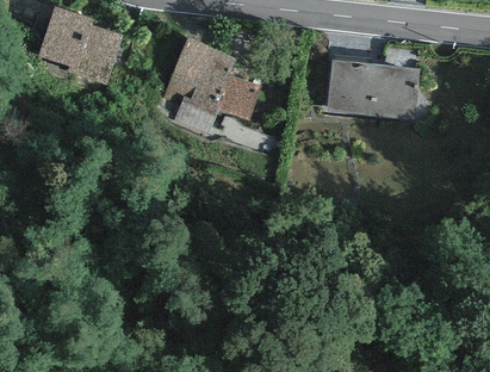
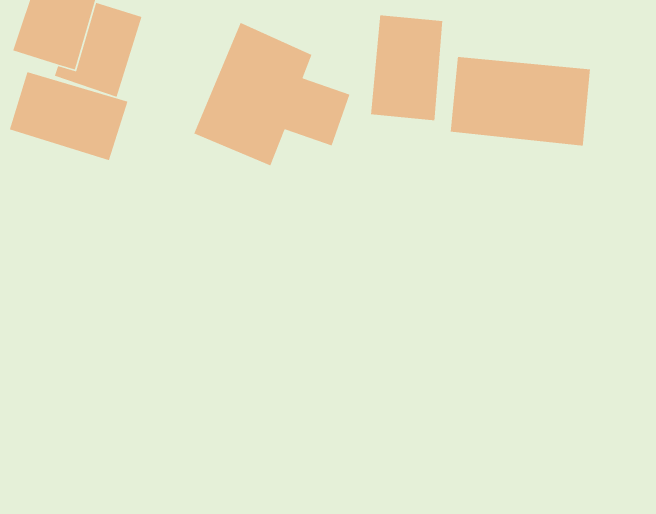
building: none -> [370,14,443,121]
building: none -> [9,71,128,161]

